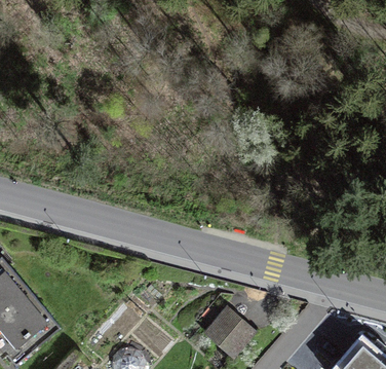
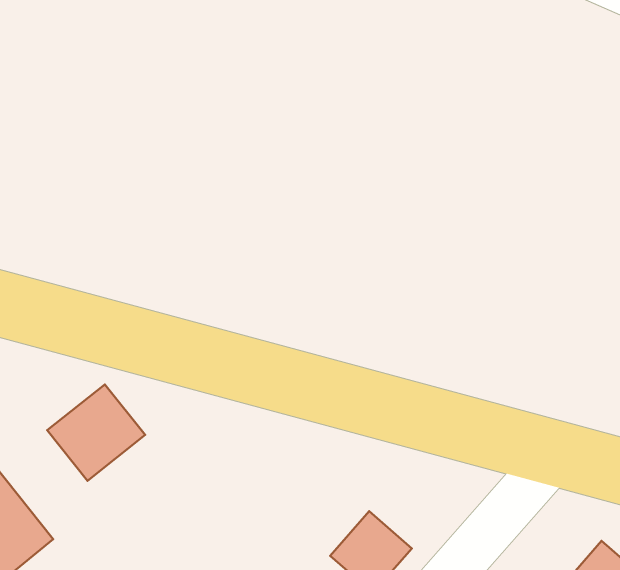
building: none -> [47,384,145,481]

